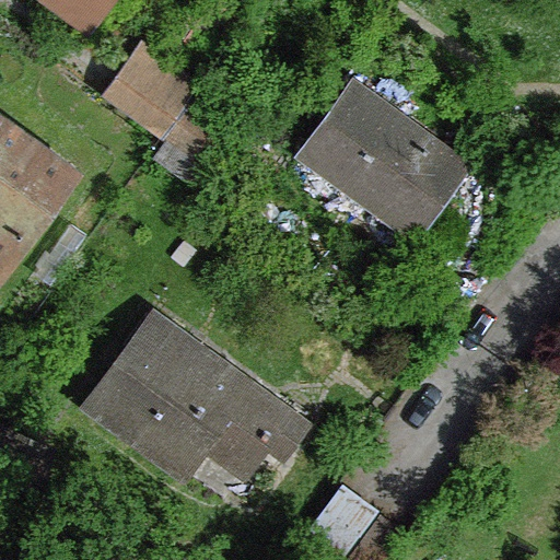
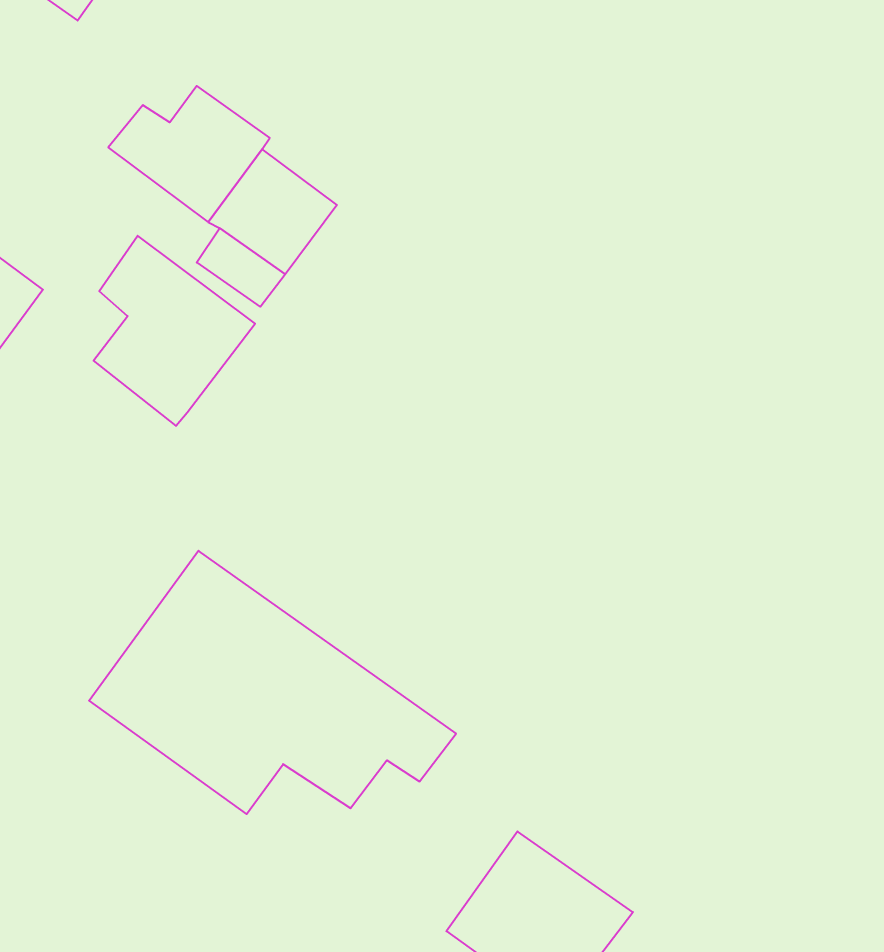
building: [306,91,456,229] -> none
building: none -> [94,236,255,426]

